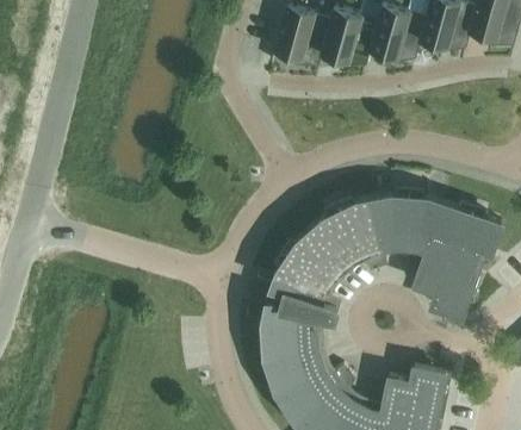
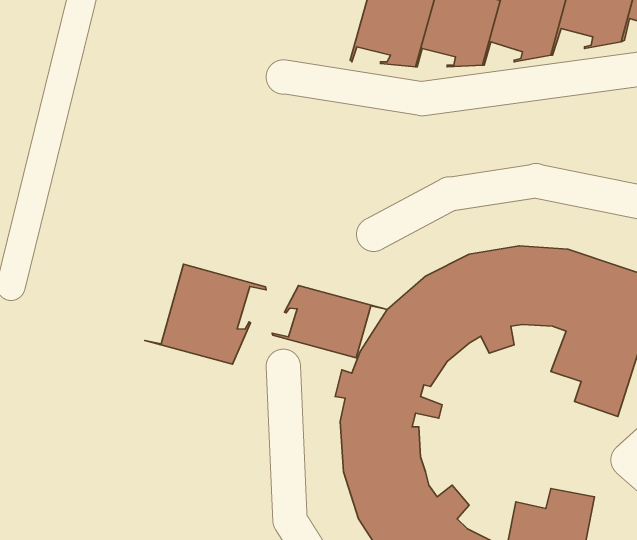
building: none -> [145,264,266,364]
building: none -> [272,285,387,358]

